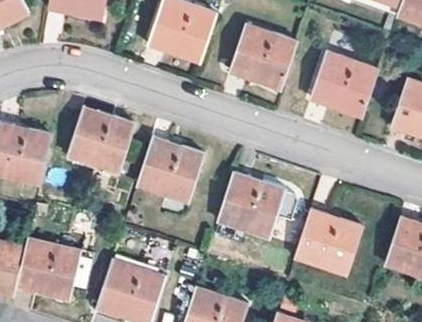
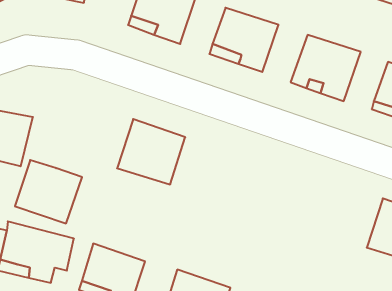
building: [68,108,135,171] -> [15,160,82,223]
building: [217,172,285,235] -> none
building: [294,208,363,273] -> none

